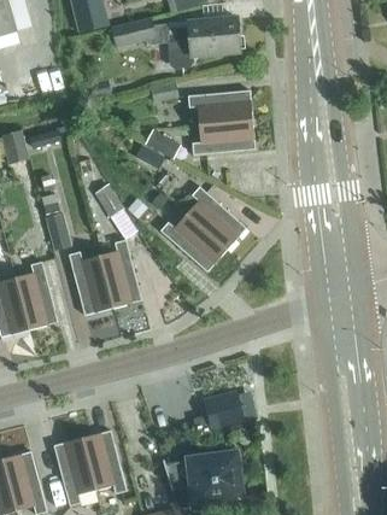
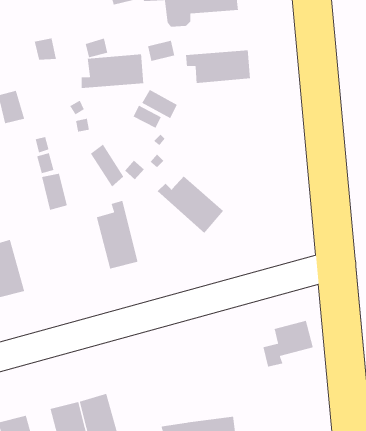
building: [192,119,254,154] -> [81,53,144,89]
building: [186,186,246,250] -> none
building: [68,251,112,315] -> none
building: [14,262,58,329] -> none
building: [193,394,244,441] -> [263,320,314,368]

